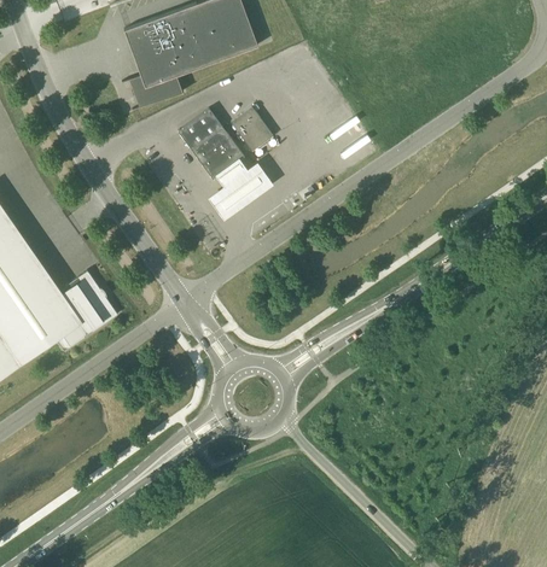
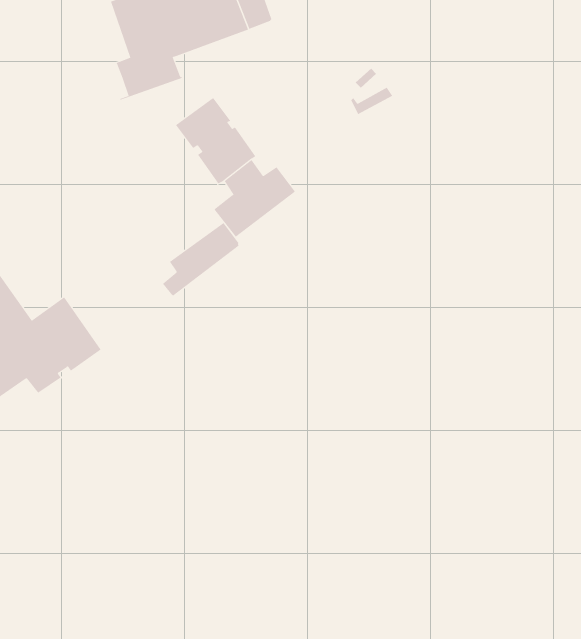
building: [231,106,273,151] -> none
building: none -> [162,222,240,296]

